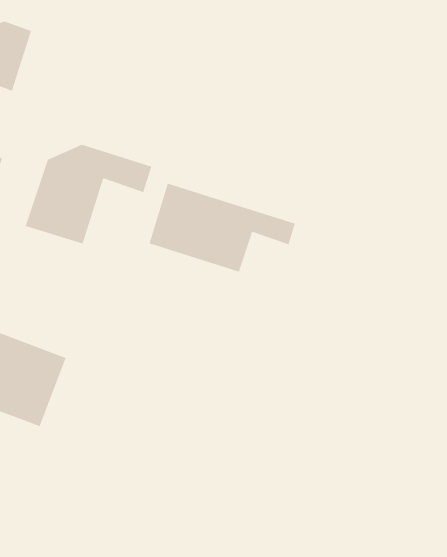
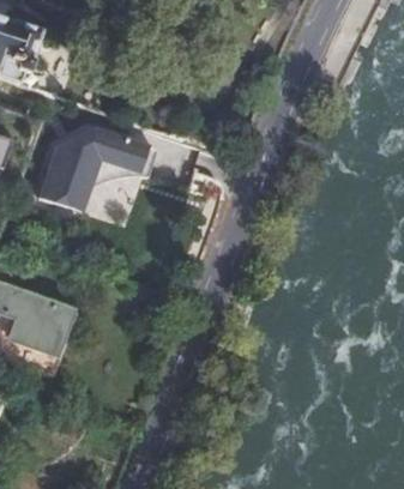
building: [149,183,295,272] -> none

